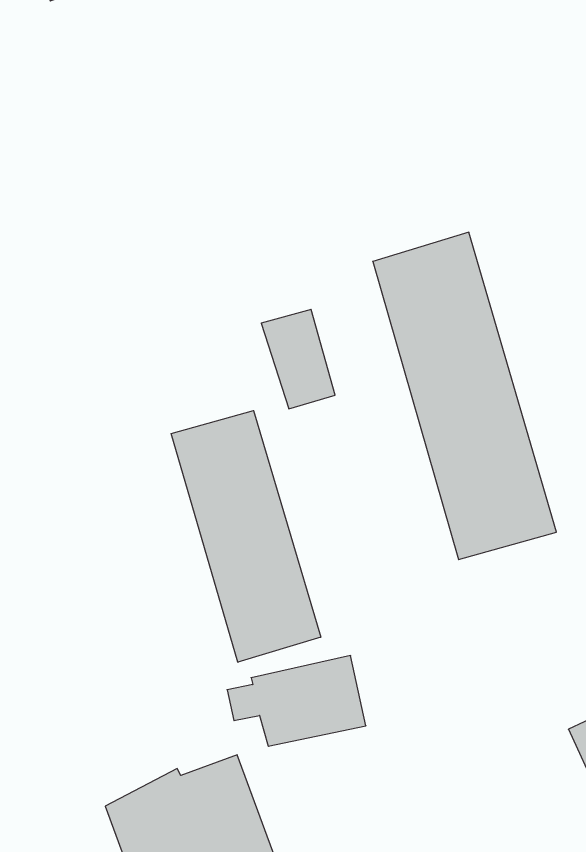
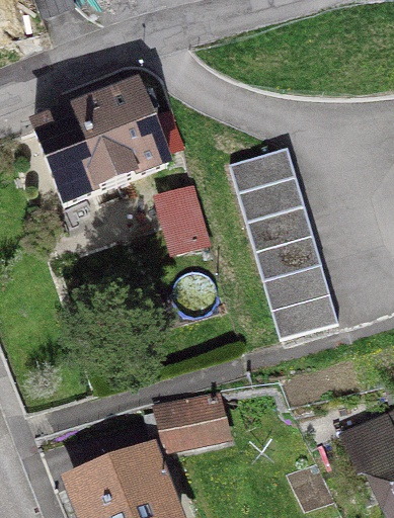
building: none -> [32,84,182,203]
building: [171,411,321,662] -> none

